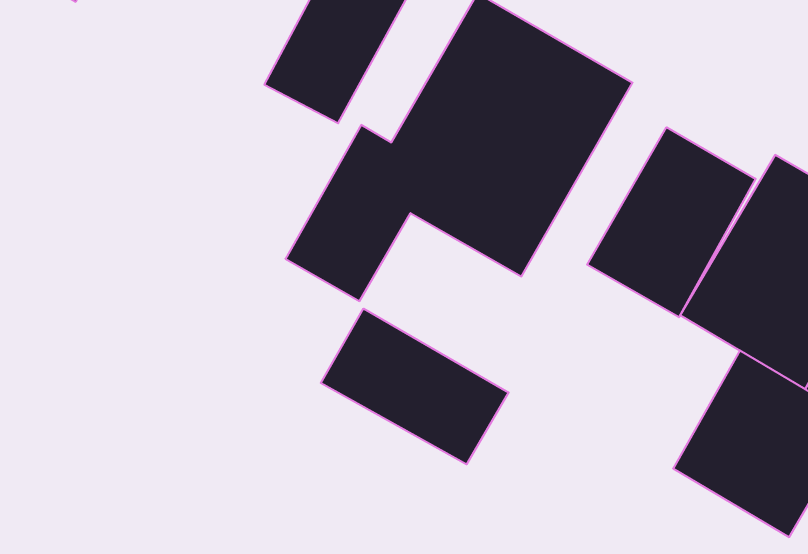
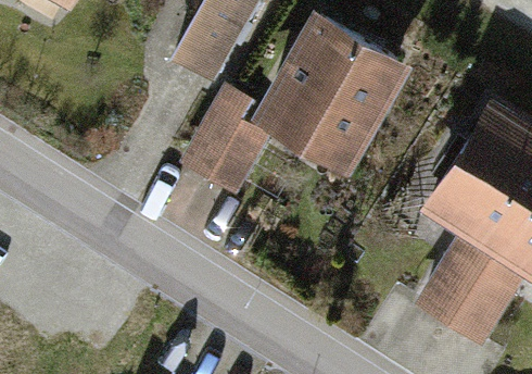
building: [587,127,756,317] -> none
building: [321,309,509,464] -> none

